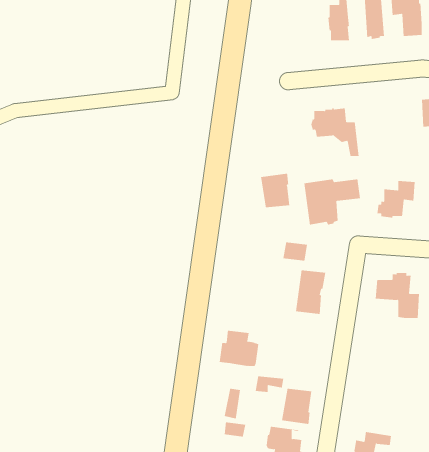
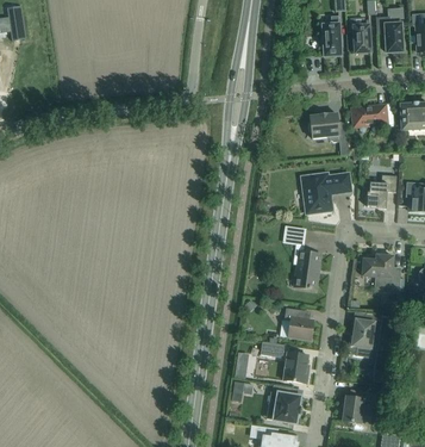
building: none -> [352,105,388,125]
building: [261,173,290,208] -> none
building: [219,330,259,366] -> [280,308,314,339]
building: none -> [351,312,381,355]

